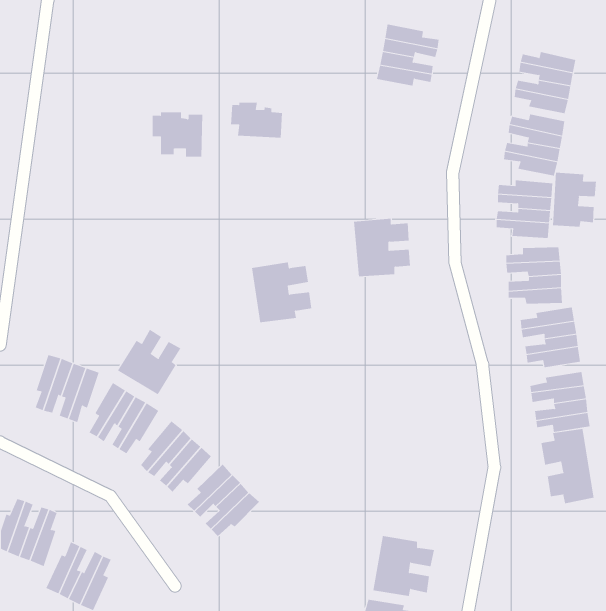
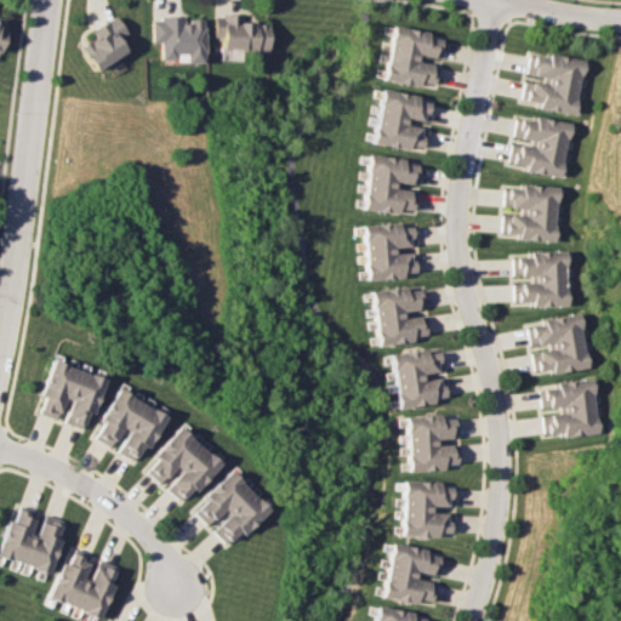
building: none -> [84,16,131,72]
building: none -> [374,89,438,152]
building: [230,102,283,138] -> [217,15,270,51]
building: [152,112,203,157] -> [156,17,209,63]
building: none -> [365,155,426,216]
building: [552,172,596,227] -> none
building: [251,262,312,323] -> [371,286,433,348]
building: [117,329,181,395] -> none
building: none -> [392,348,454,410]
building: none -> [405,412,463,471]
building: [541,428,594,504] -> none
building: none -> [403,480,460,537]

